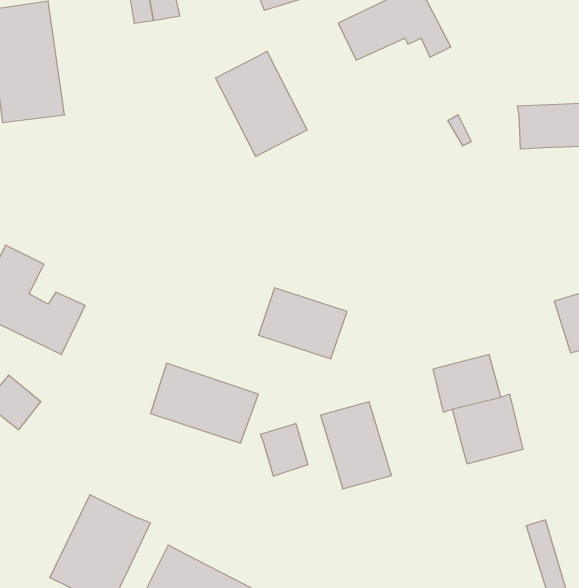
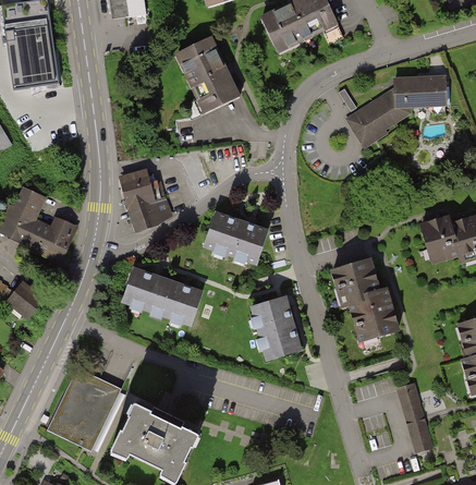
building: none -> [344,85,413,148]
building: none -> [120,168,170,222]
building: [261,423,308,476] -> none

